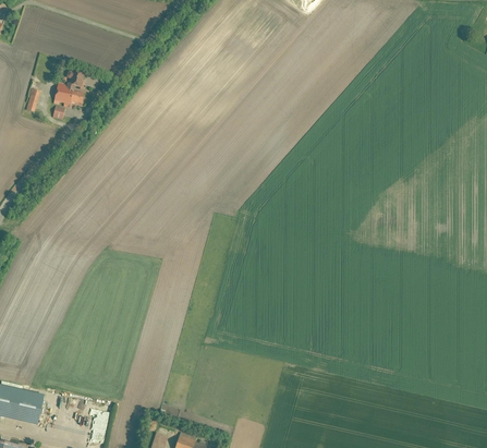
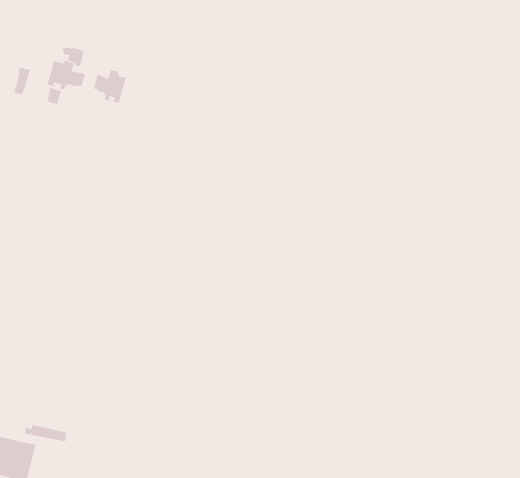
building: none -> [93,69,127,104]

